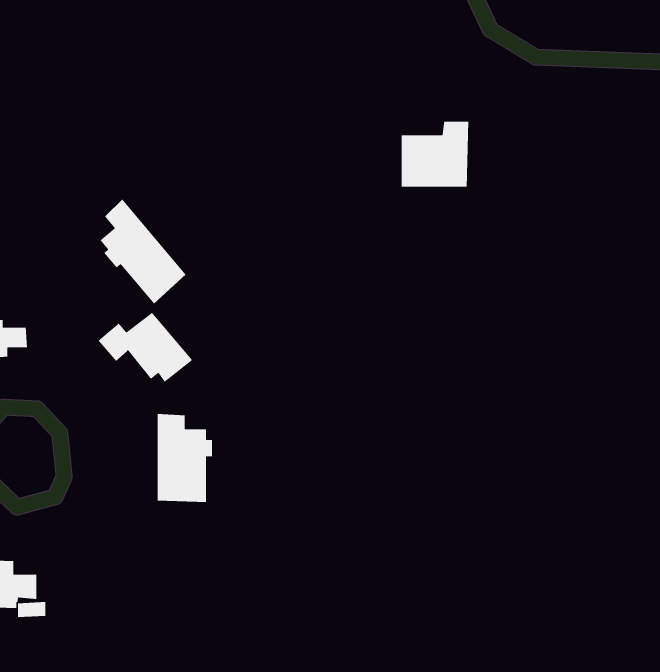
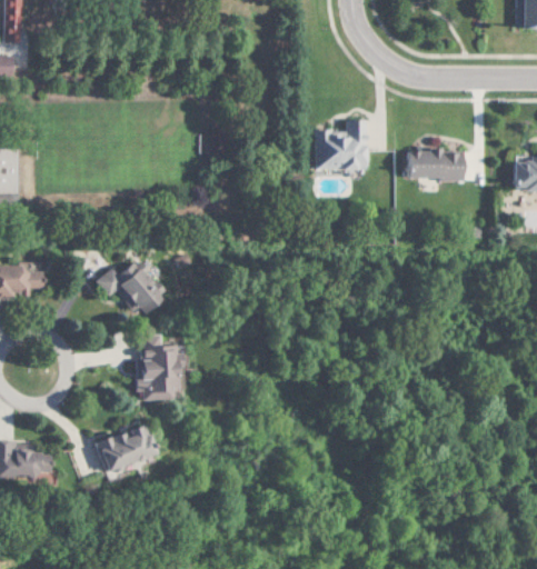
building: none -> [405,149,464,179]
building: [100,199,187,304] -> none
building: none -> [98,426,152,472]

